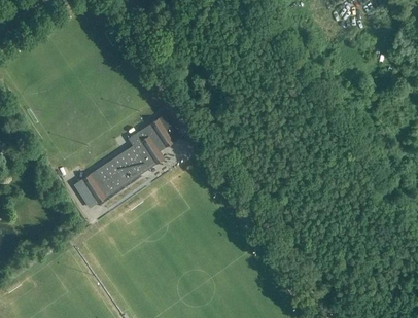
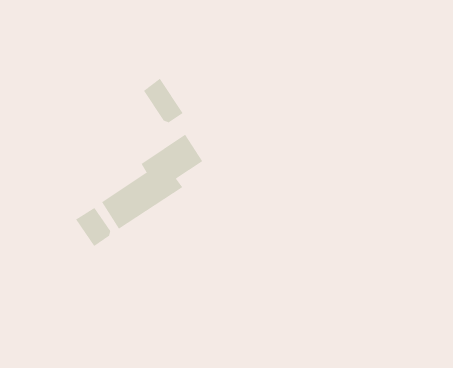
building: none -> [143,78,184,123]

